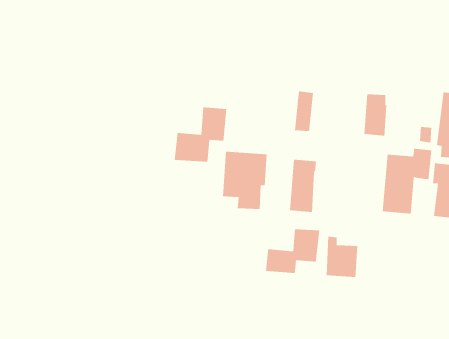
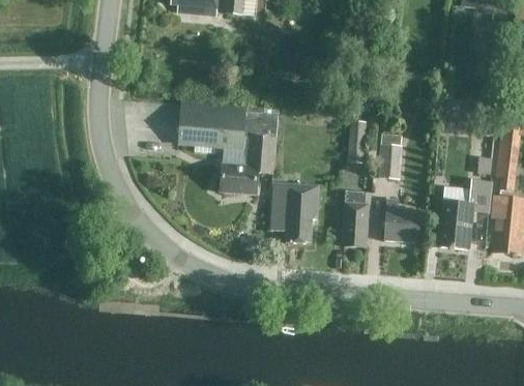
building: none -> [179,101,278,148]
building: [364,94,387,136] -> [377,133,402,178]
building: [266,228,320,274] -> none
building: [326,236,358,277] -> [384,199,418,242]

